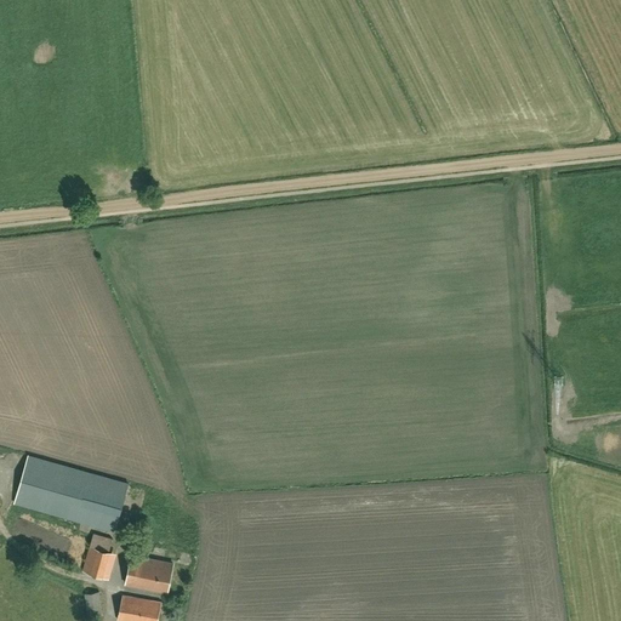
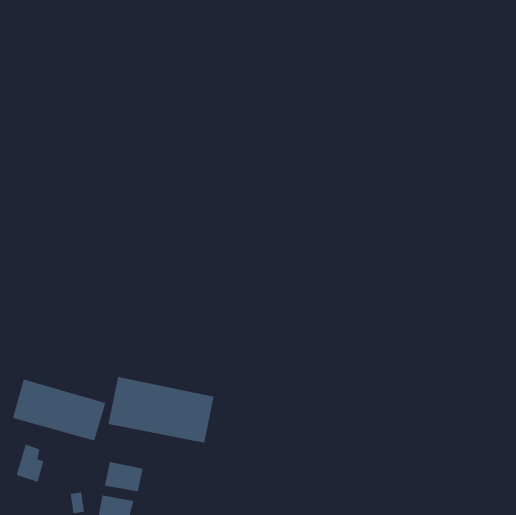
building: none -> [108,376,214,443]
building: [82,534,116,580] -> [16,444,44,482]

